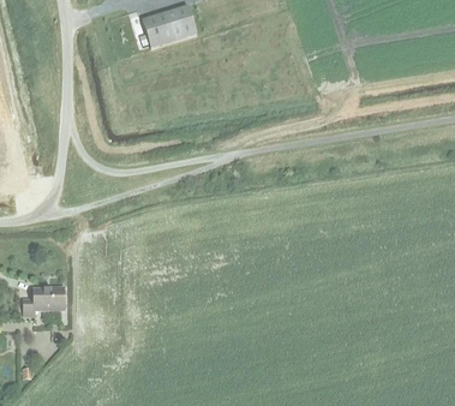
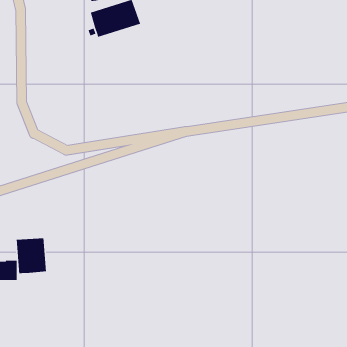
building: none -> [16,238,47,274]

